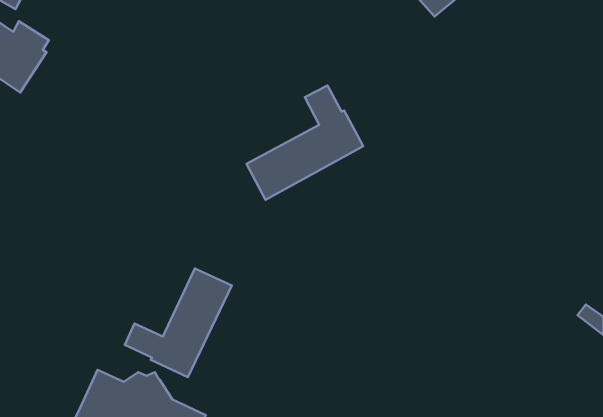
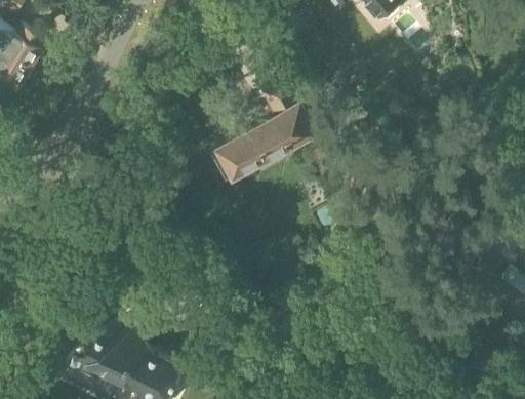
building: [125,268,232,377] -> none

